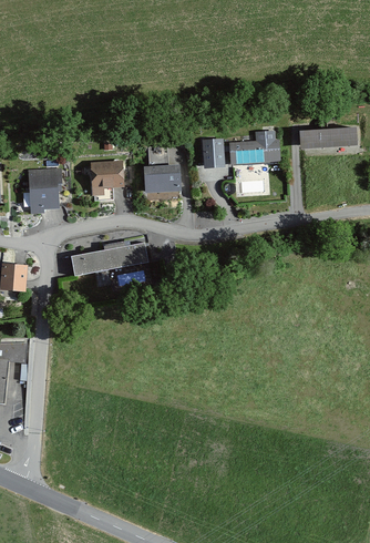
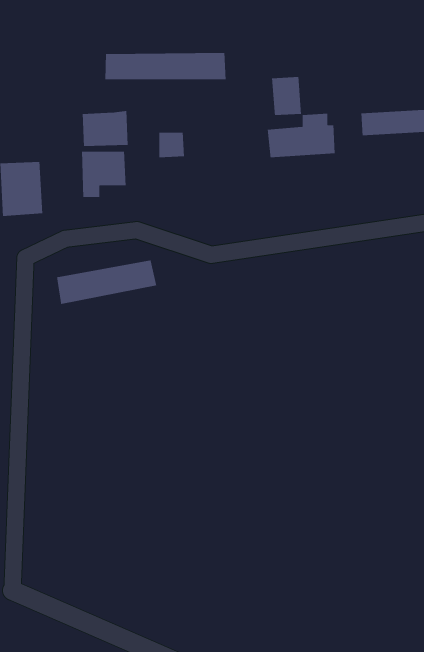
building: none -> [104,52,226,80]
building: [203,140,226,170] -> [271,76,302,116]
building: [143,164,178,192] -> [82,110,129,147]

